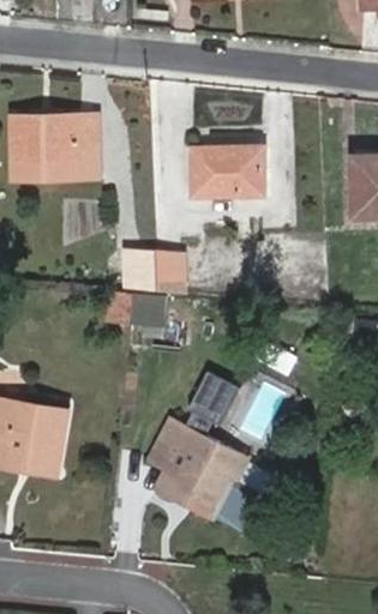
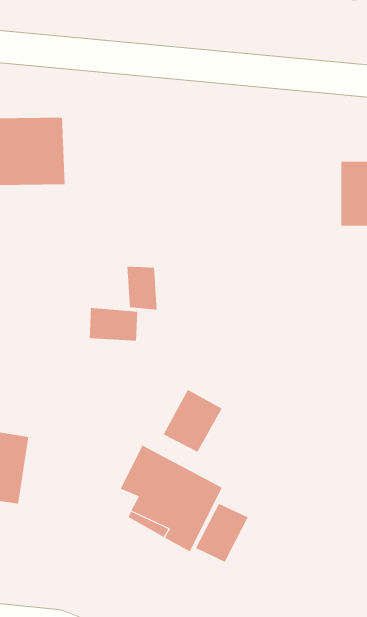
building: [191,146,259,195] -> none
building: [122,251,156,291] -> none

